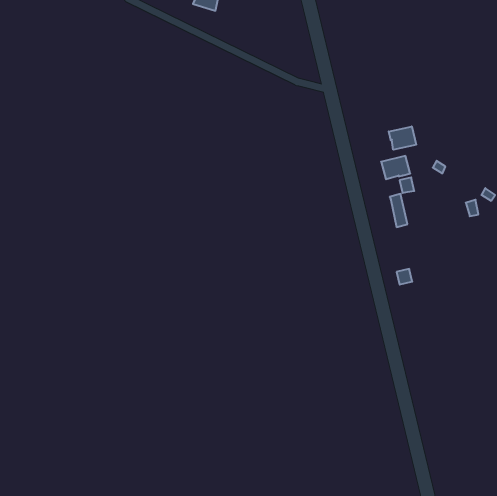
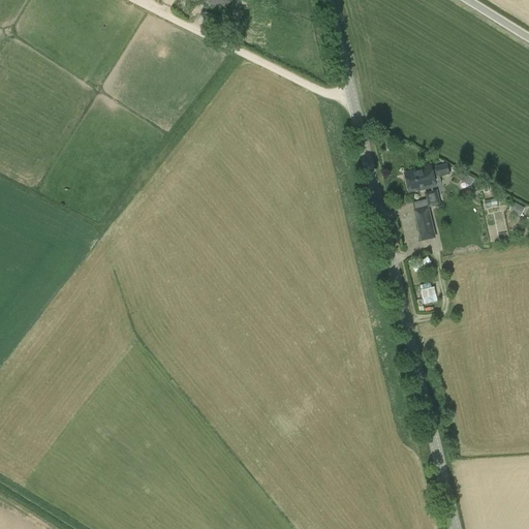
building: [389,126,416,150] -> none

